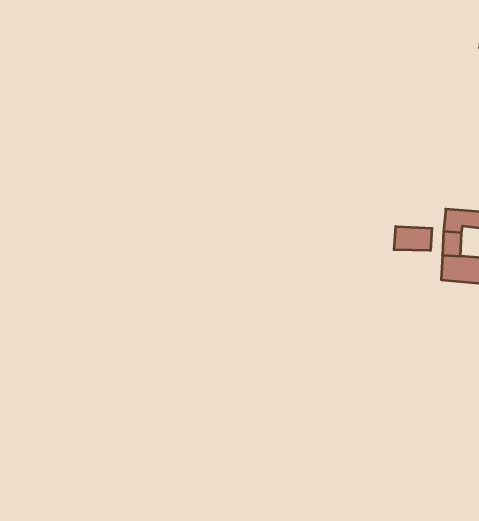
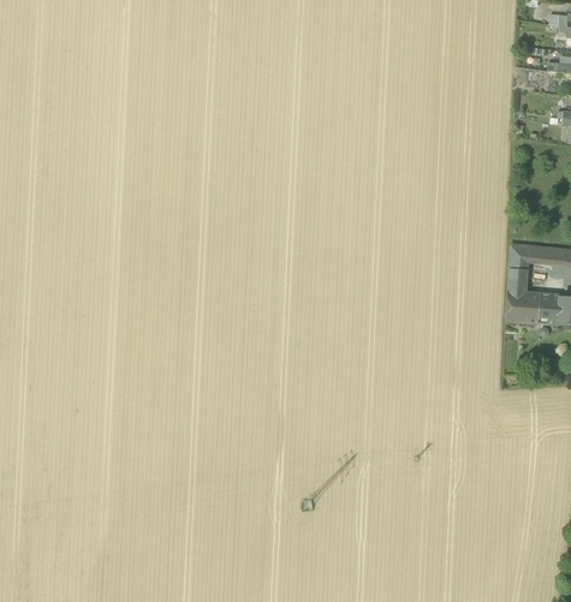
building: [394,226,432,251] -> none

